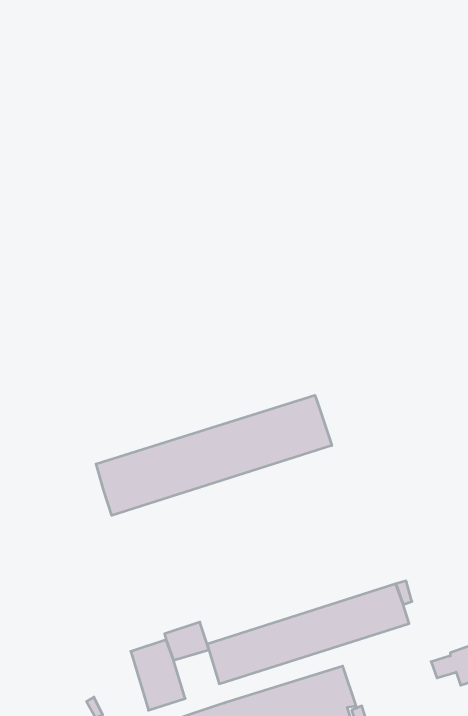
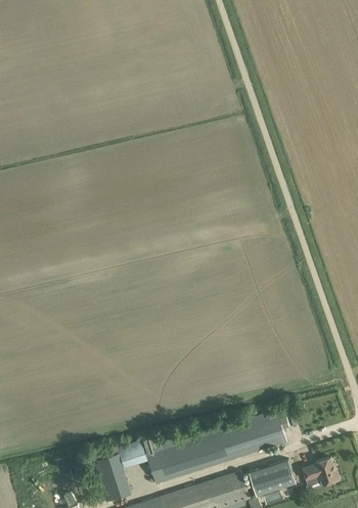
building: [96,395,332,515] -> none
building: none -> [247,457,294,495]

